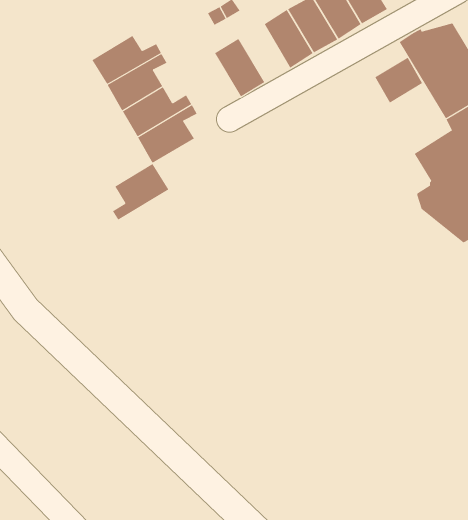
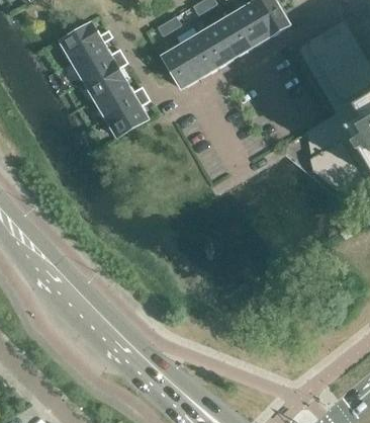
building: none -> [60,22,112,61]
building: none -> [180,34,217,77]
building: [374,57,423,104] -> none
building: [112,163,169,221] -> none

